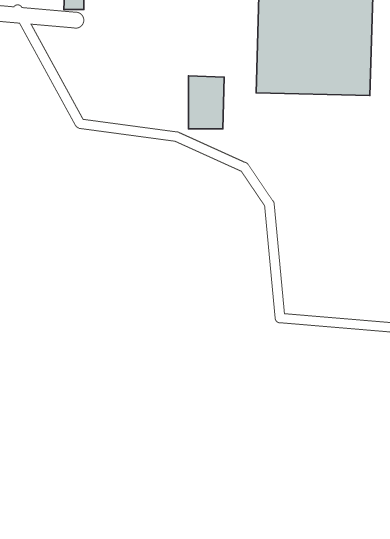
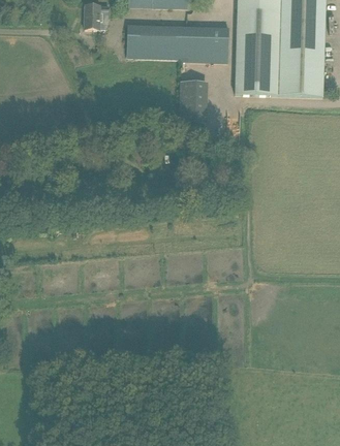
building: none -> [126,26,228,61]

